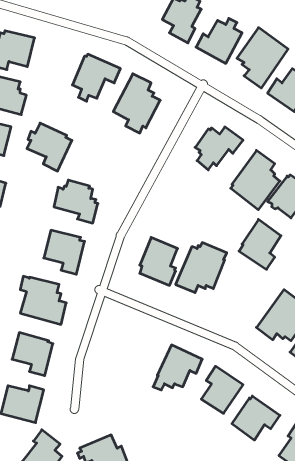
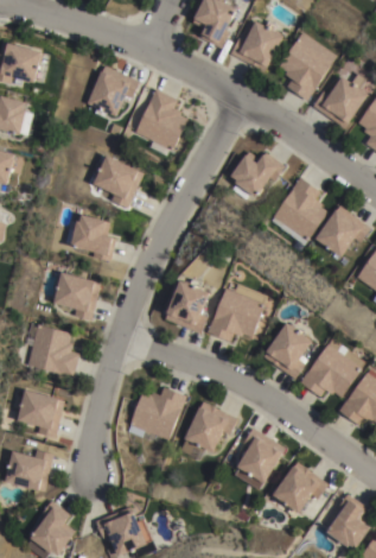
building: [27,123,72,171] -> [93,151,145,207]
building: [239,219,281,269] -> [262,319,311,378]
building: none -> [127,386,186,444]

